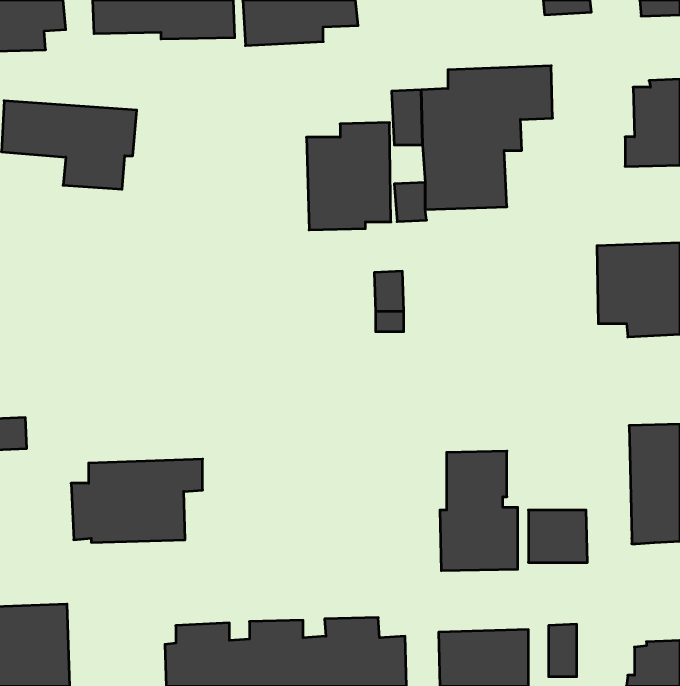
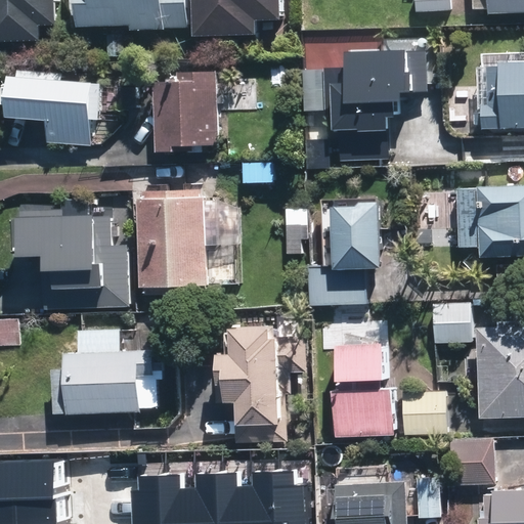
building: [306,123,391,230] -> [155,70,219,151]
building: none -> [139,188,209,294]
building: none -> [7,199,126,312]
building: none -> [307,200,380,307]
building: none -> [434,301,473,342]
building: none -> [220,328,306,440]
building: none -> [452,437,496,482]

